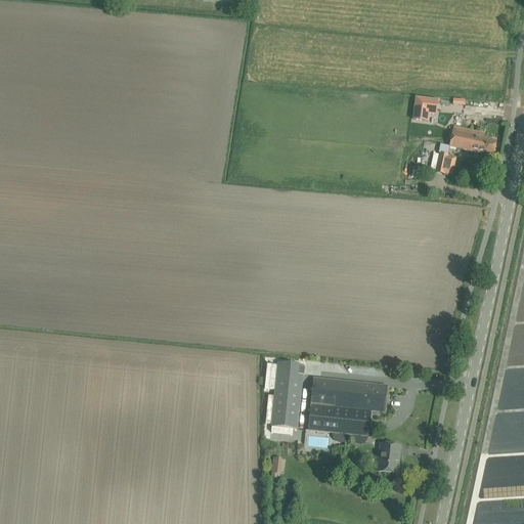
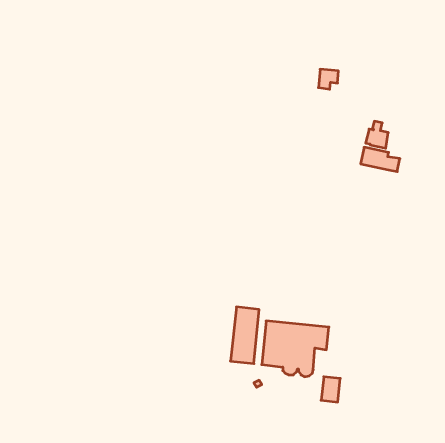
building: [412,96,436,120] -> [318,69,338,89]
building: [449,125,495,154] -> [361,147,400,172]

